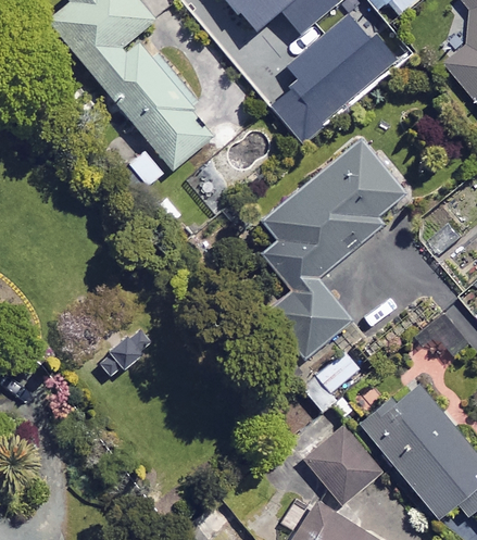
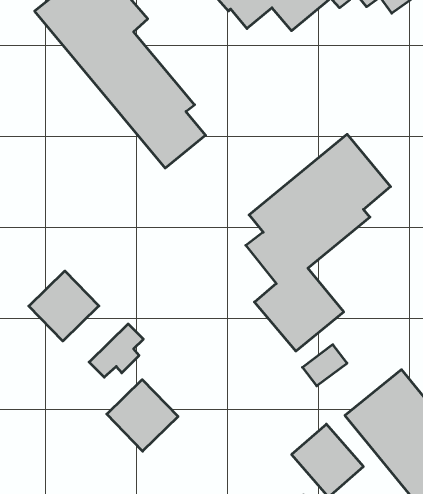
building: [272,15,402,146] -> none
building: none -> [29,271,99,341]
building: none -> [107,380,178,451]

